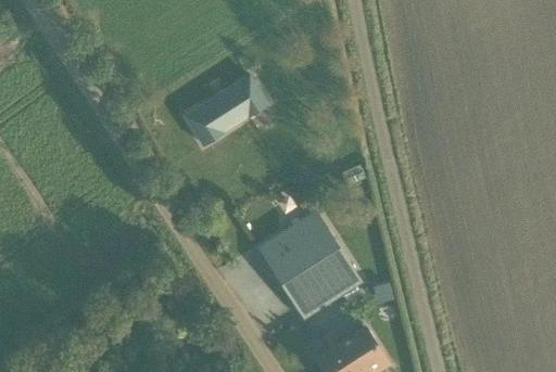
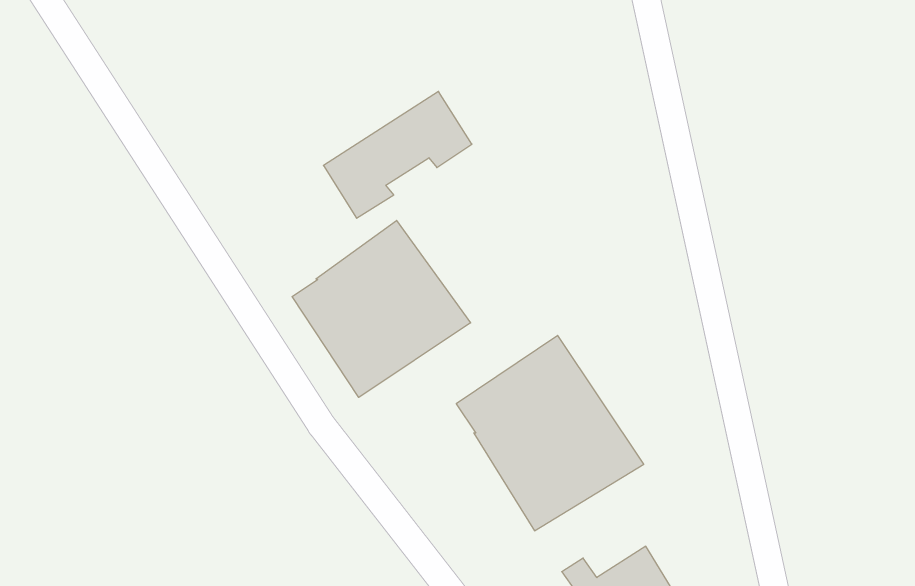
building: none -> [292,220,471,397]

